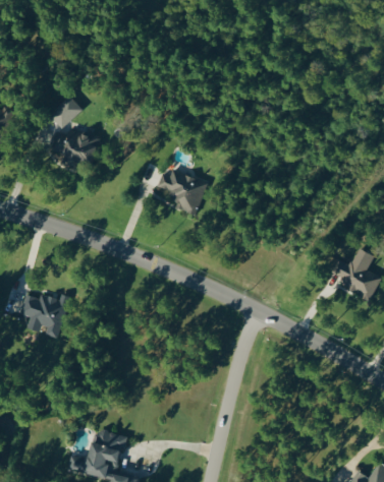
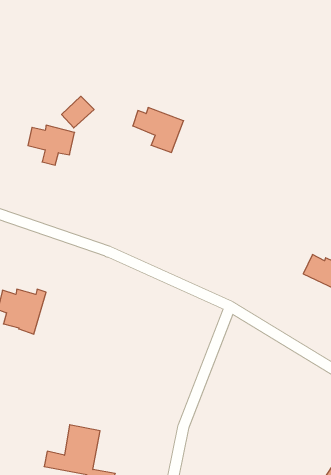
building: [50,97,83,128] -> [62,96,94,128]
building: [157,170,208,215] -> [133,108,184,152]

